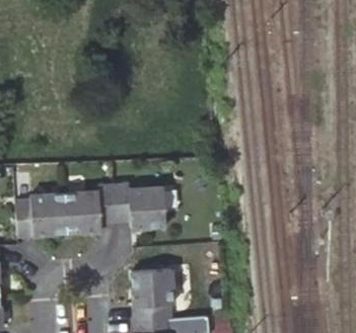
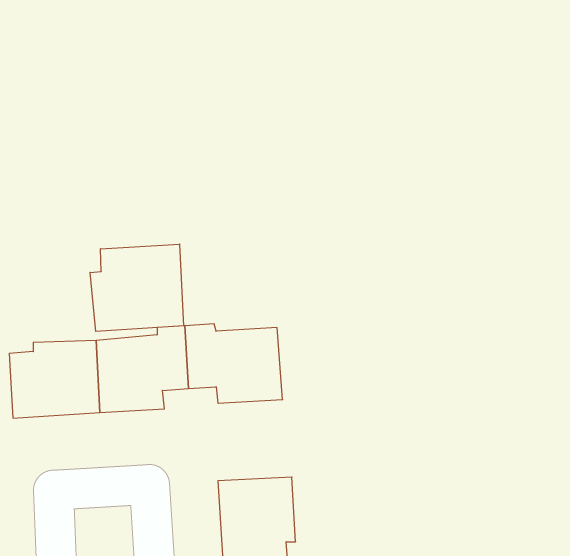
building: none -> [90,244,184,331]

